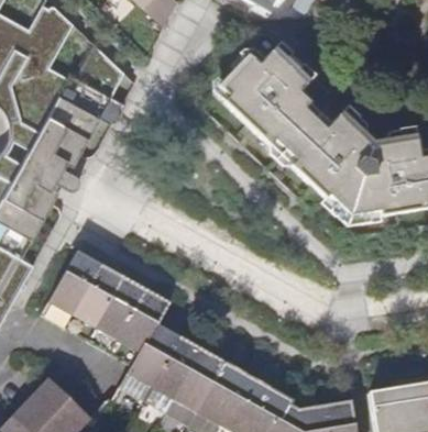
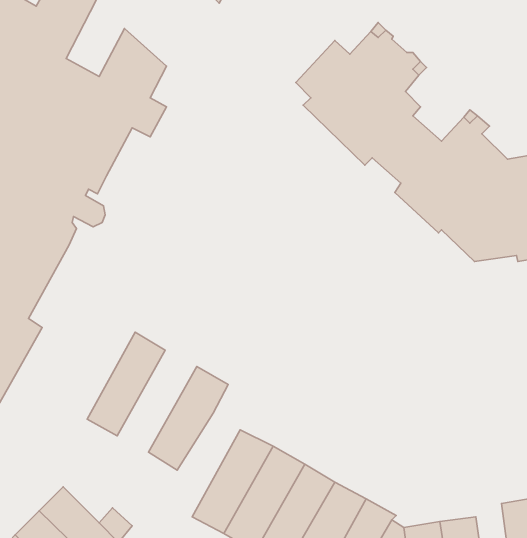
building: [41,253,100,330] -> none
building: [87,279,145,354] -> none
building: [119,325,177,401] -> none

